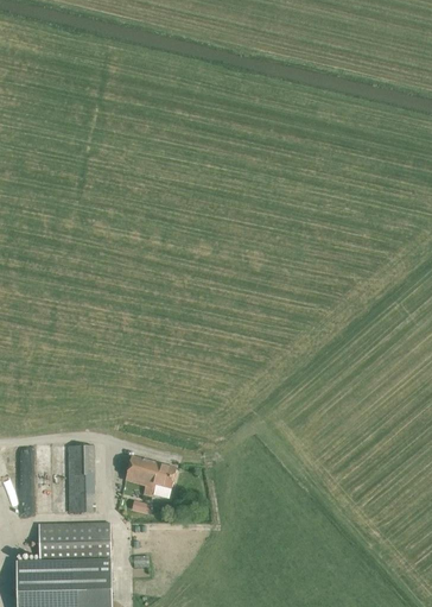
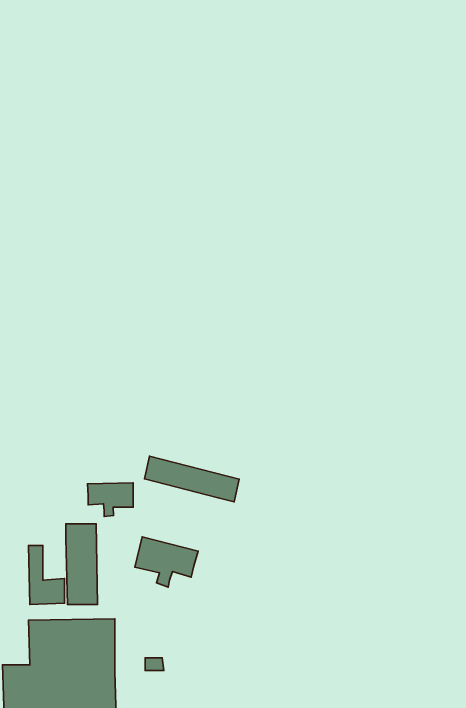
building: none -> [145,456,239,502]
building: none -> [87,483,133,517]

